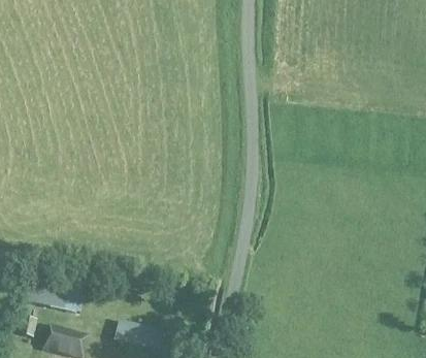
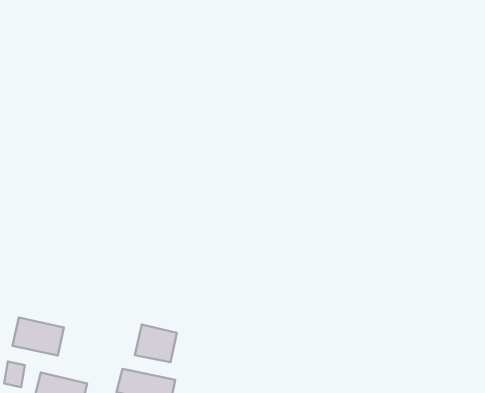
building: none -> [135,325,177,362]

